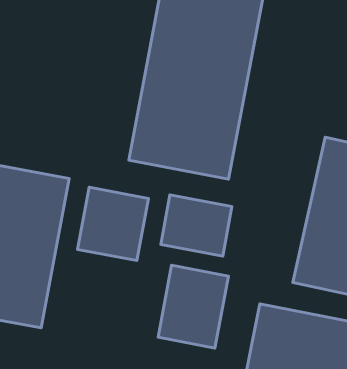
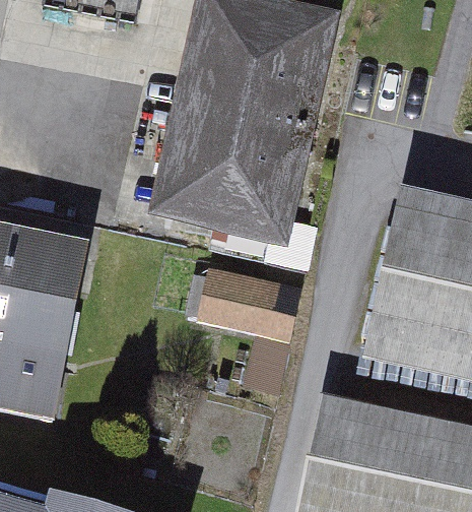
building: [77,187,148,261] -> none
building: [158,265,228,348] -> none

